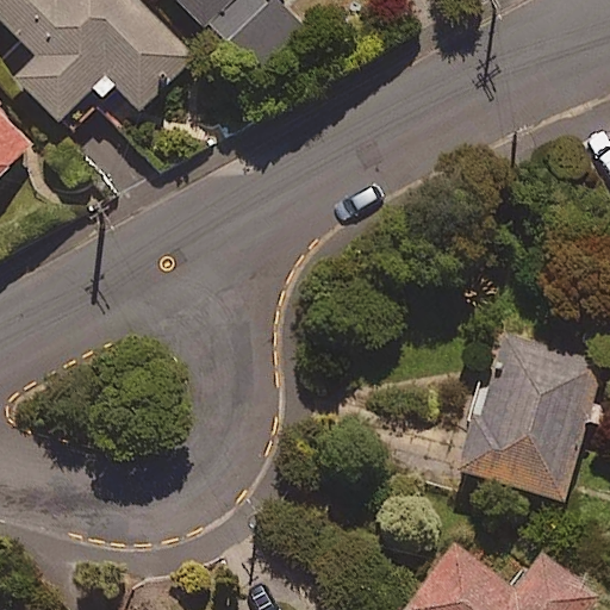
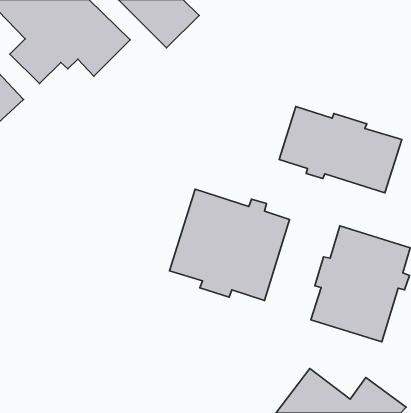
building: none -> [279,107,402,193]
building: none -> [169,189,290,300]

